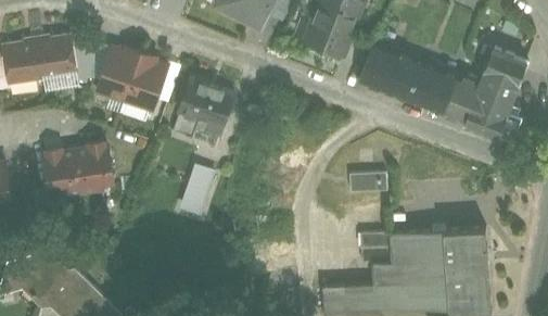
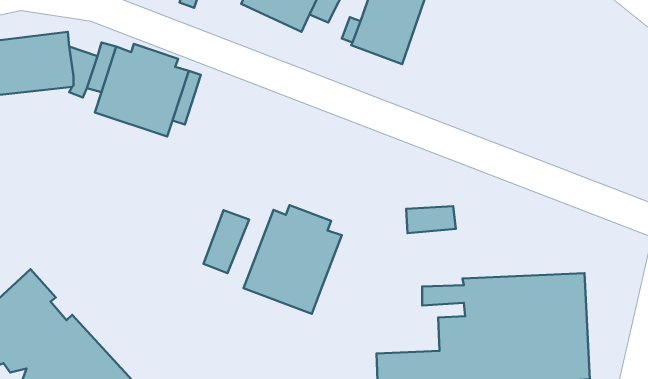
building: [356,36,532,139] -> none
building: [178,76,234,136] -> none
building: [42,139,116,202] -> none
building: none -> [244,205,342,314]

